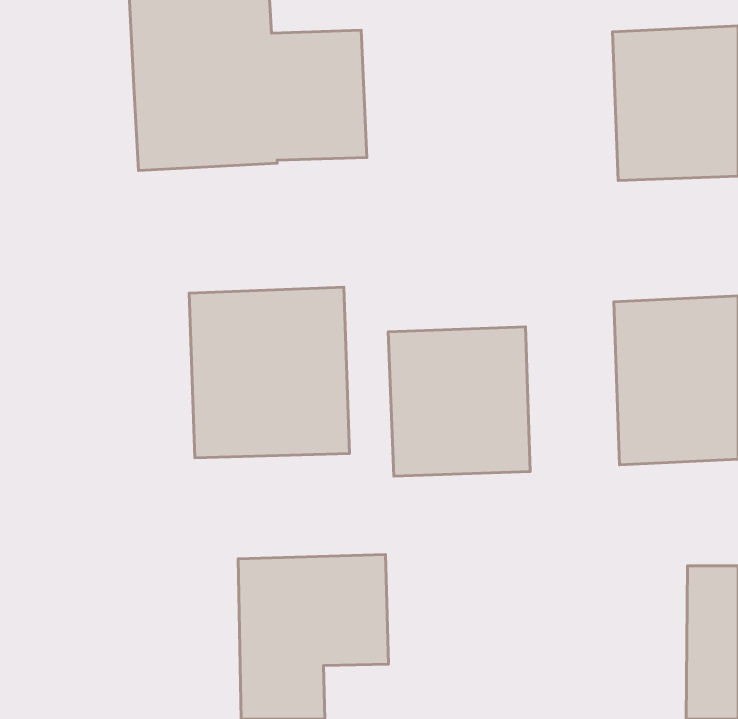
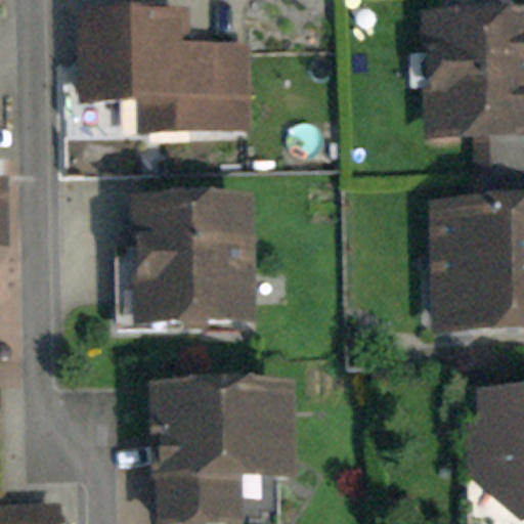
building: [388,327,530,476] -> none

